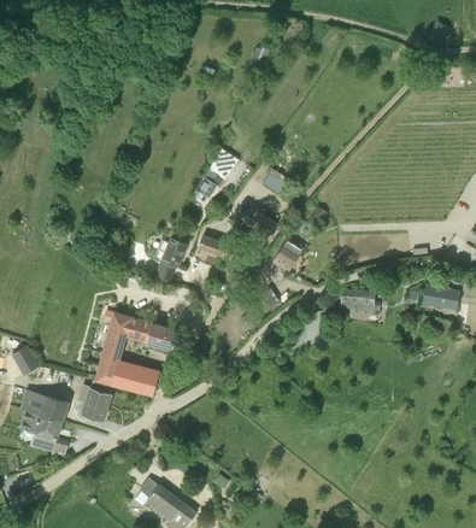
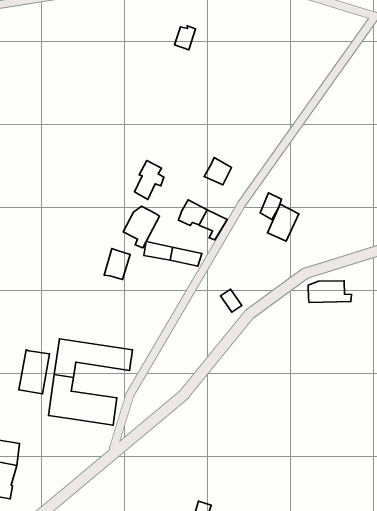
building: none -> [123,206,160,248]
building: [272,239,302,272] -> [267,204,299,241]
building: [82,380,113,421] -> [19,350,50,394]

